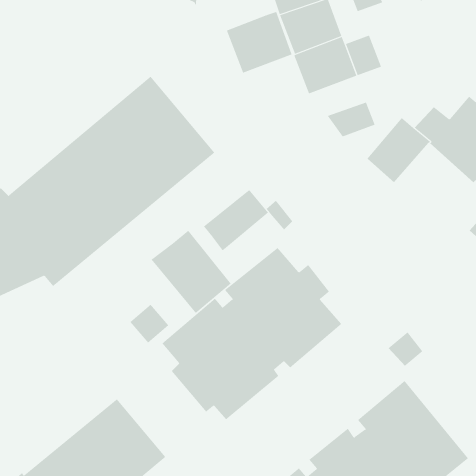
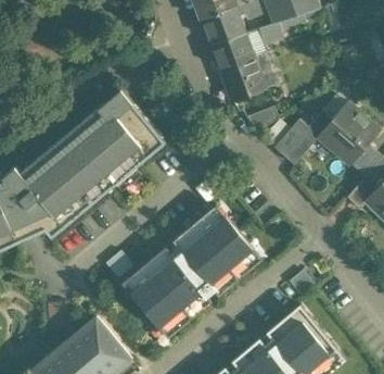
building: [226,11,293,74] -> none
building: [203,189,269,251] -> none
building: [151,230,232,314] -> none

